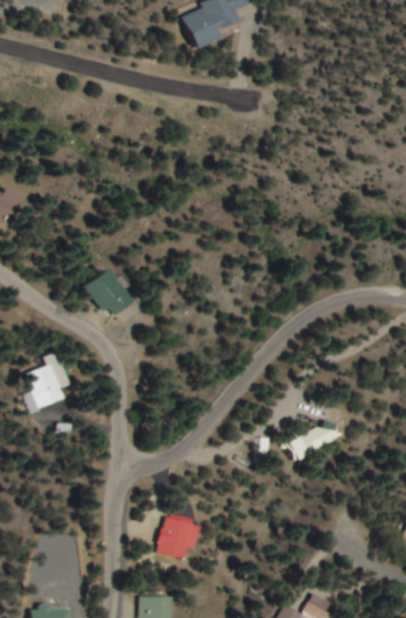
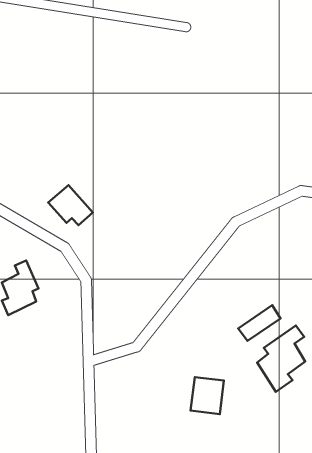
building: none -> [257,325,305,392]
building: [155,515,195,559] -> [191,377,224,414]

